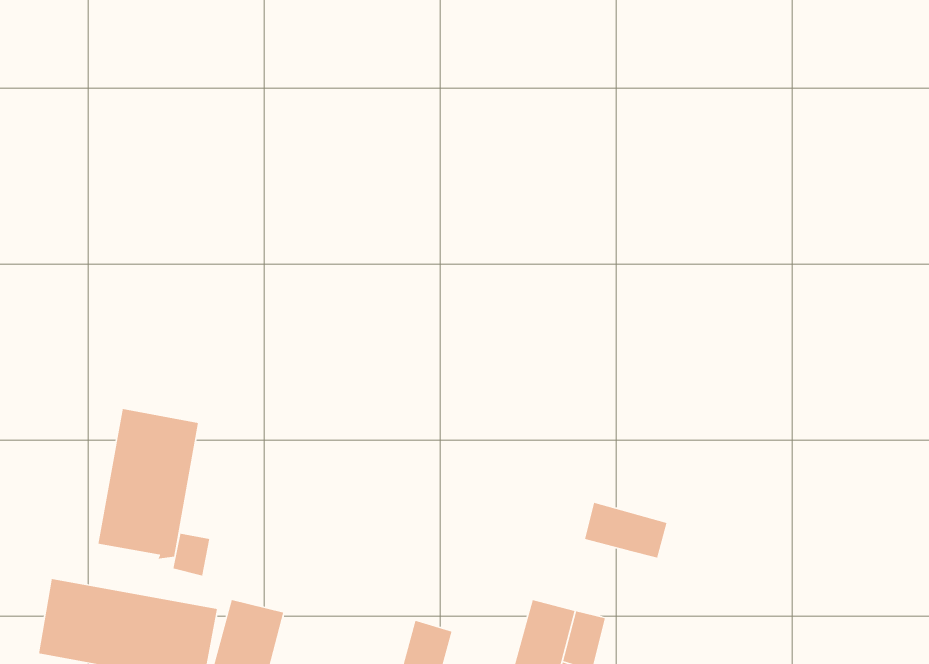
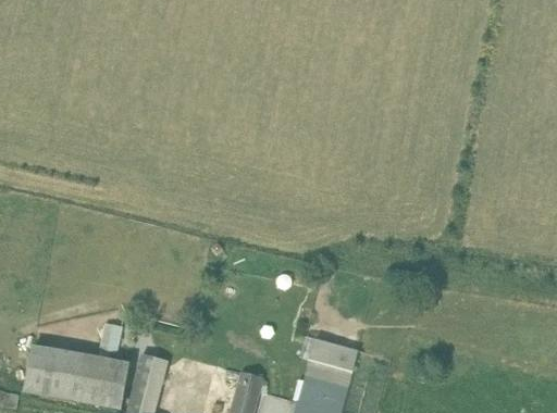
building: [98,408,199,559] -> none
building: [584,502,667,558] -> [309,338,357,371]

